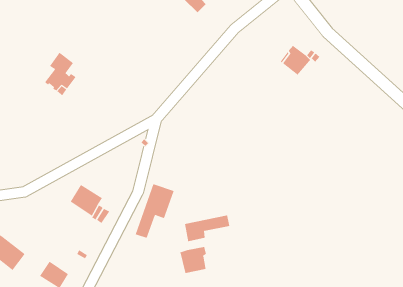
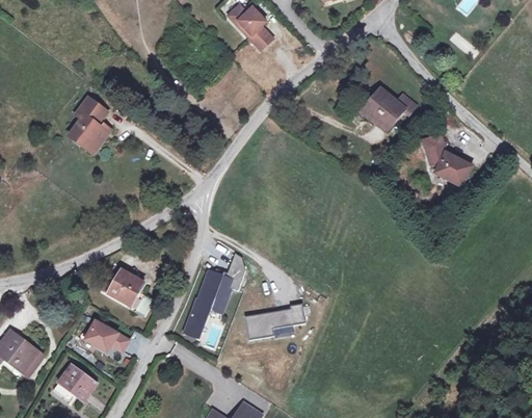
building: none -> [426,133,473,184]
building: none -> [81,318,126,349]
building: [180,246,206,274] -> none

